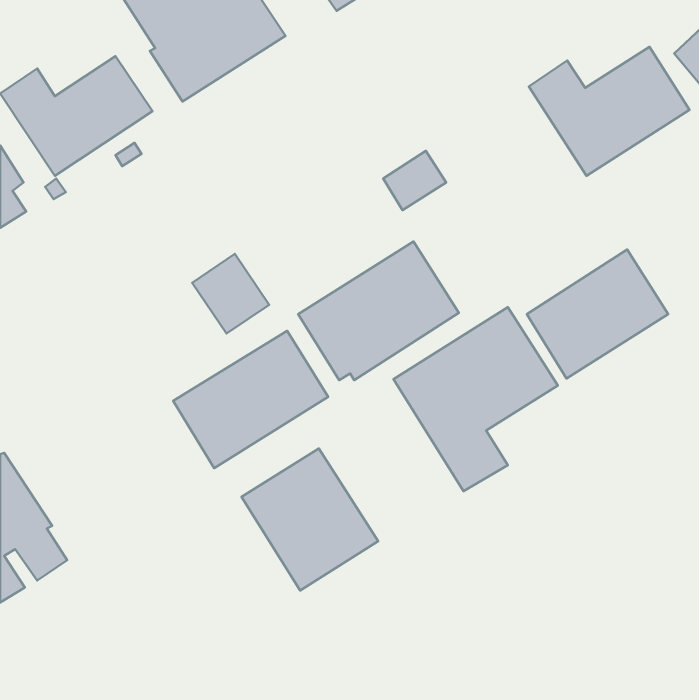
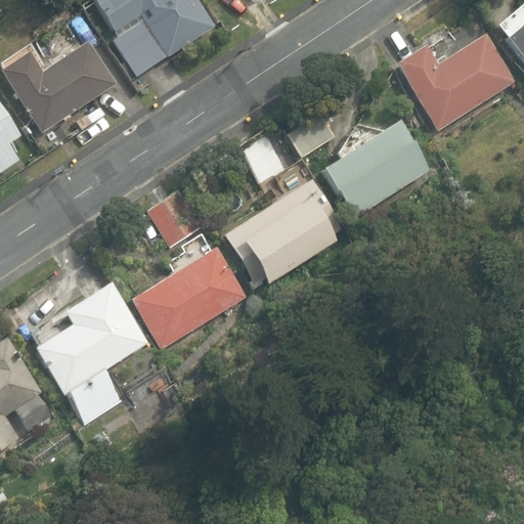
building: [527,250,668,379] -> [323,121,429,217]
building: [394,307,558,491] -> none
building: none -> [36,283,147,424]
building: [242,449,378,591] -> none

